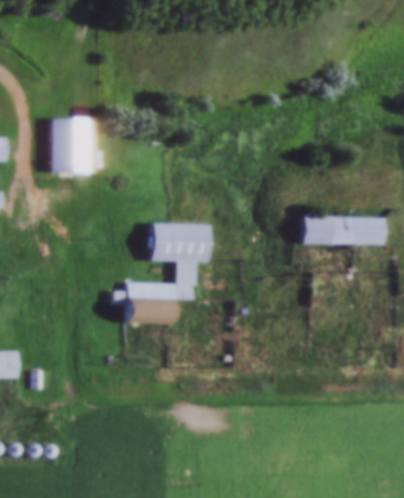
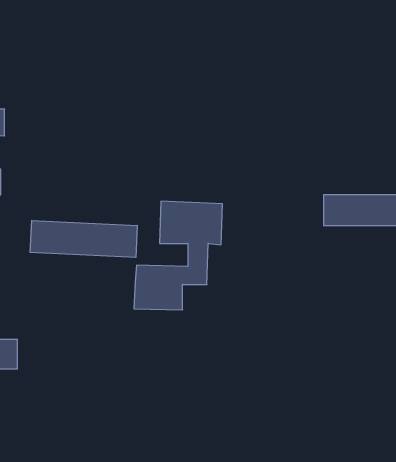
building: [52,118,90,172] -> none
building: none -> [30,220,137,257]

